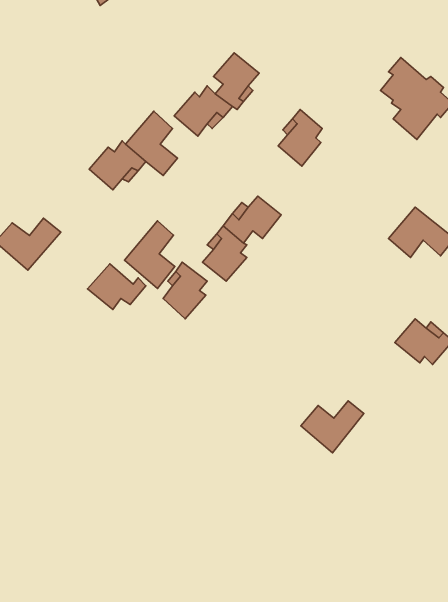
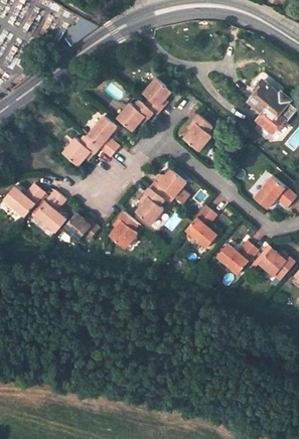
building: [125,221,175,289] -> [33,189,65,233]
building: none -> [184,204,216,248]
building: [301,401,364,453] -> [216,241,257,274]

